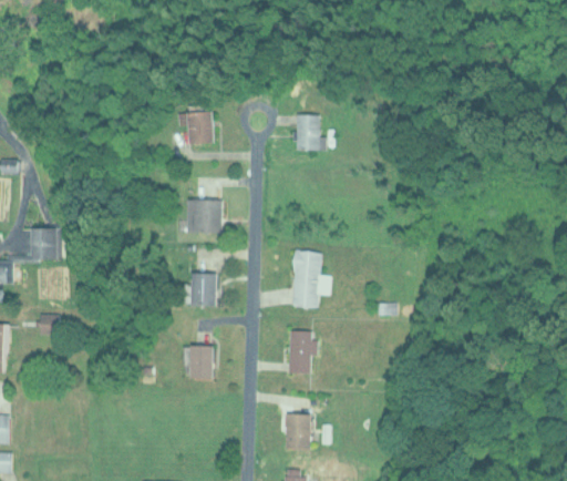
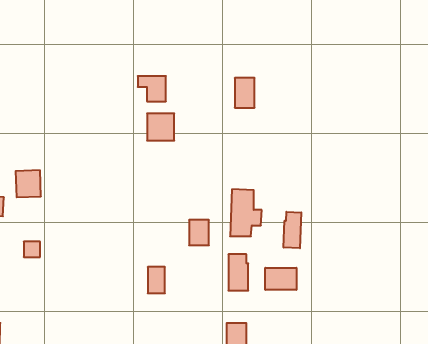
building: [186,199,219,233] -> [147,113,174,141]
building: [190,274,215,305] -> [189,220,209,245]
building: none -> [284,212,301,248]
building: none -> [265,268,296,290]

